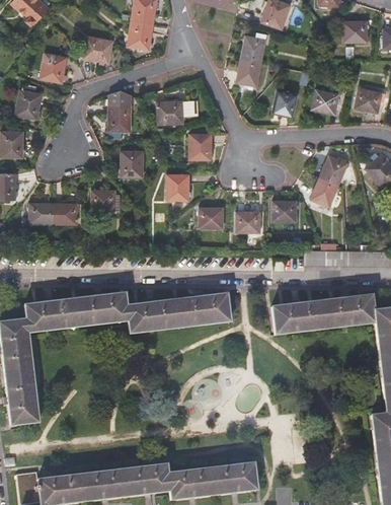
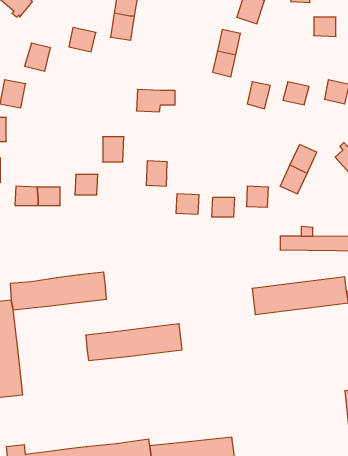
building: [109,88,131,129] -> none
building: [188,134,211,159] -> none
building: [124,293,225,332] -> [86,324,182,360]

